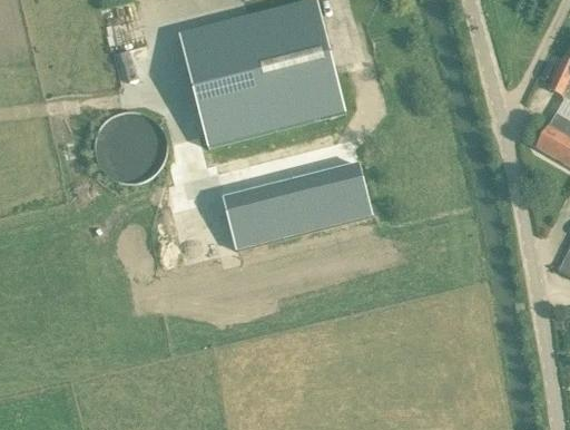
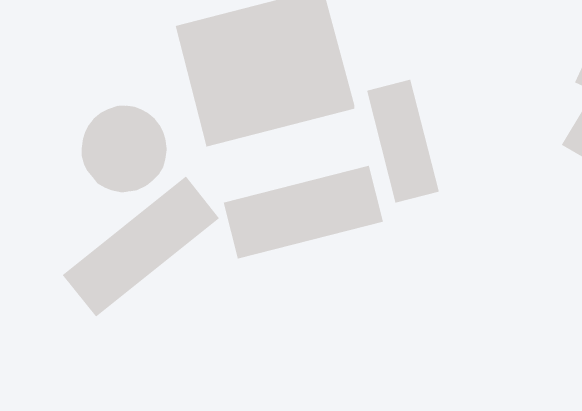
building: none -> [366,79,439,203]
building: none -> [62,176,220,317]

